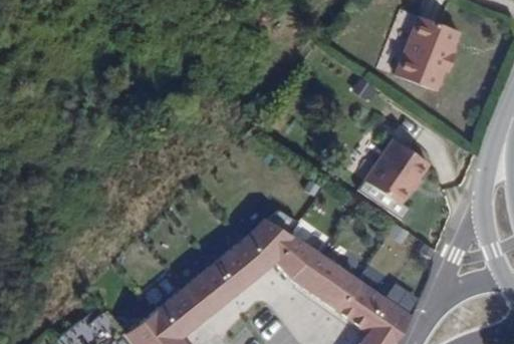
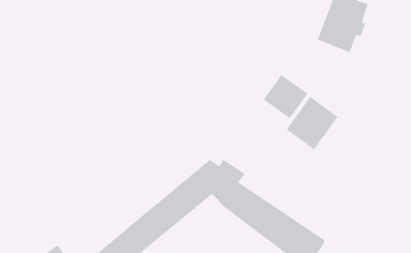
building: none -> [263,74,308,119]

